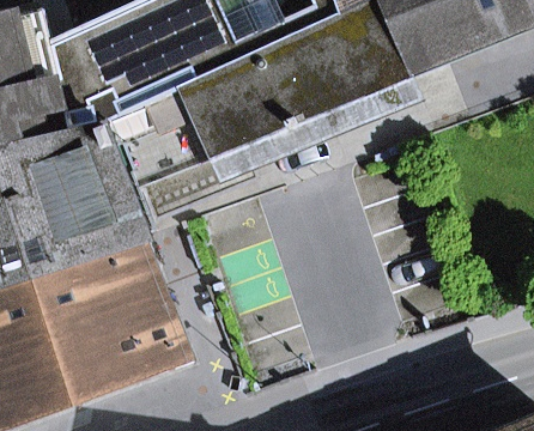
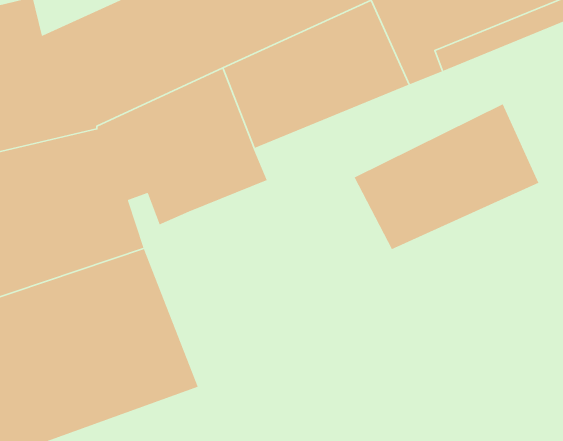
building: none -> [354,103,539,250]

